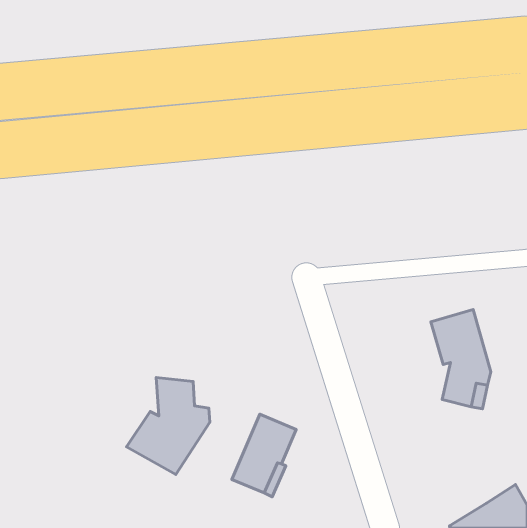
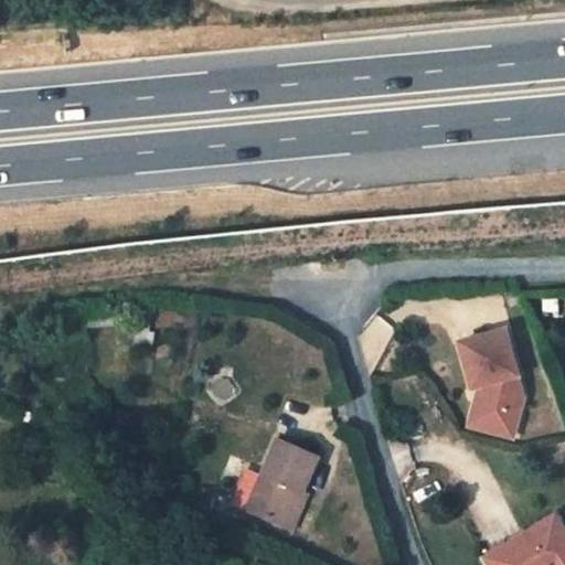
building: [126,378,210,475] -> none

